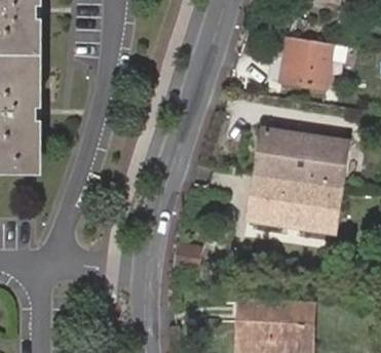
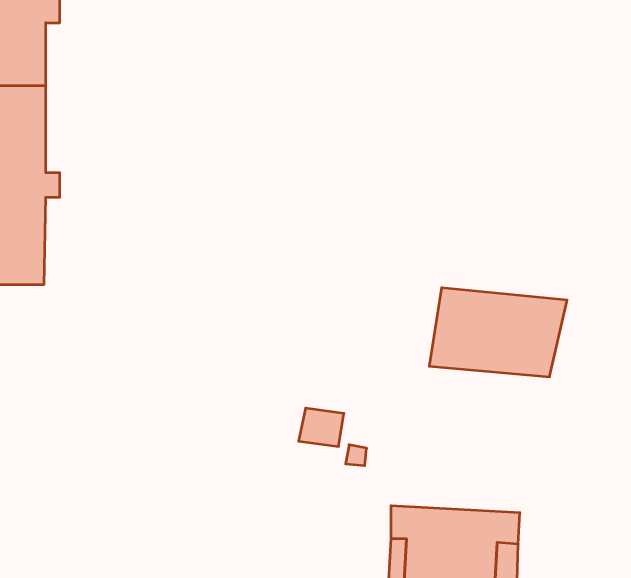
building: [281,36,332,86] -> none
building: [262,132,345,182] -> none

